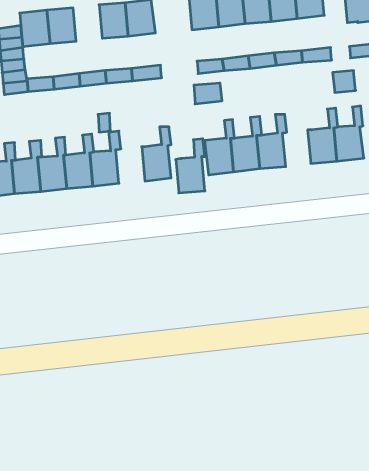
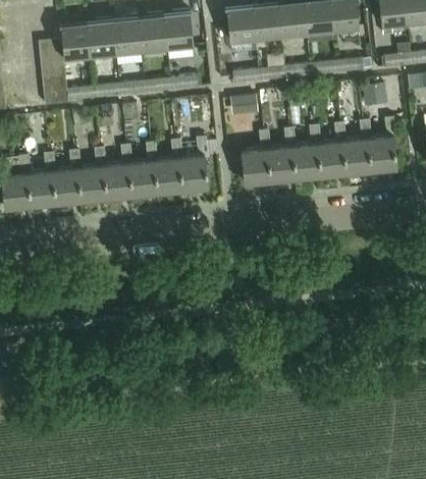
building: none -> [112,18,141,54]
building: none -> [317,122,345,176]
building: [176,139,205,193] -> [154,140,182,193]

